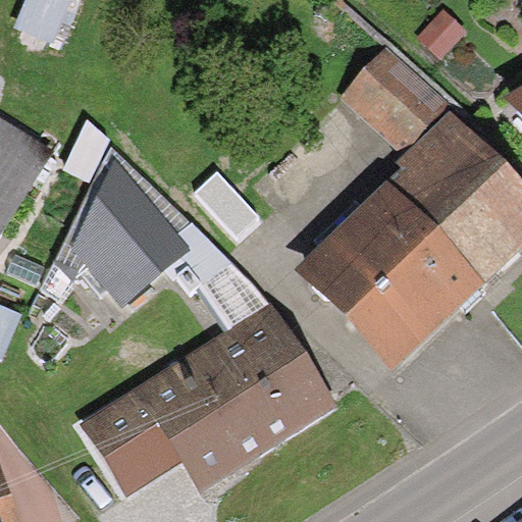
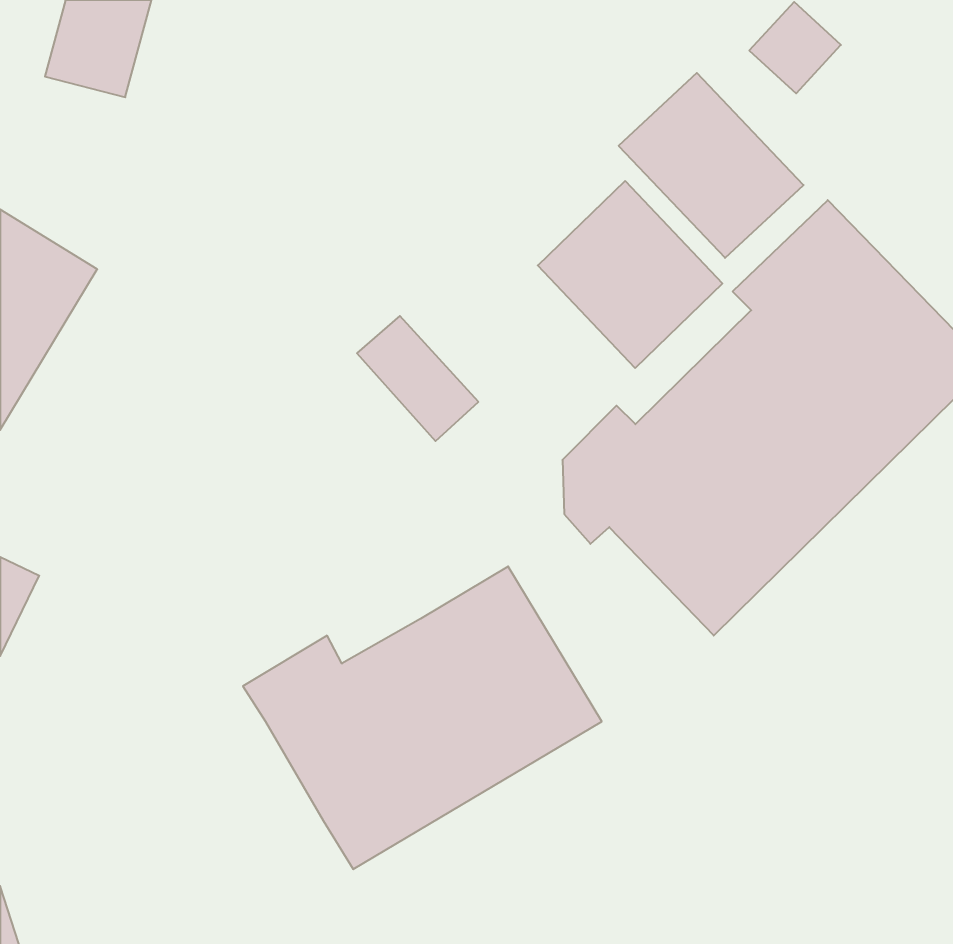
building: none -> [538,181,722,368]
building: [79,160,278,344] -> none
building: [76,388,177,487] -> none

